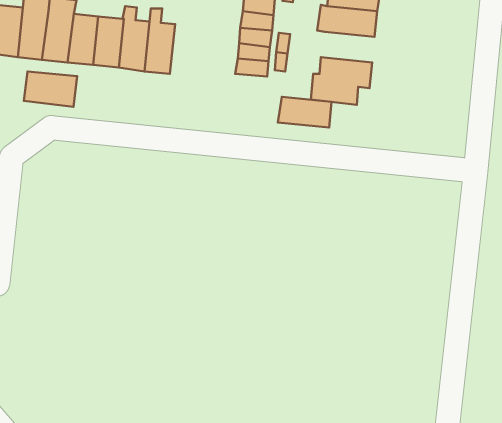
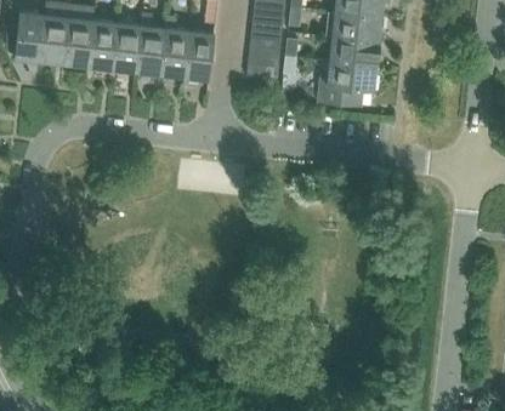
building: none -> [183,30,212,80]
building: [24,72,77,107] -> none
building: [278,97,332,127] -> [327,38,378,67]

